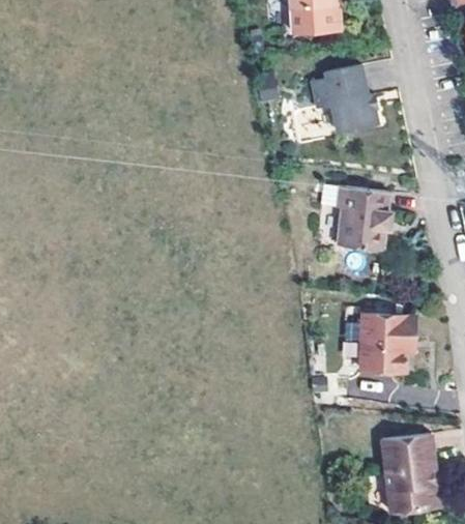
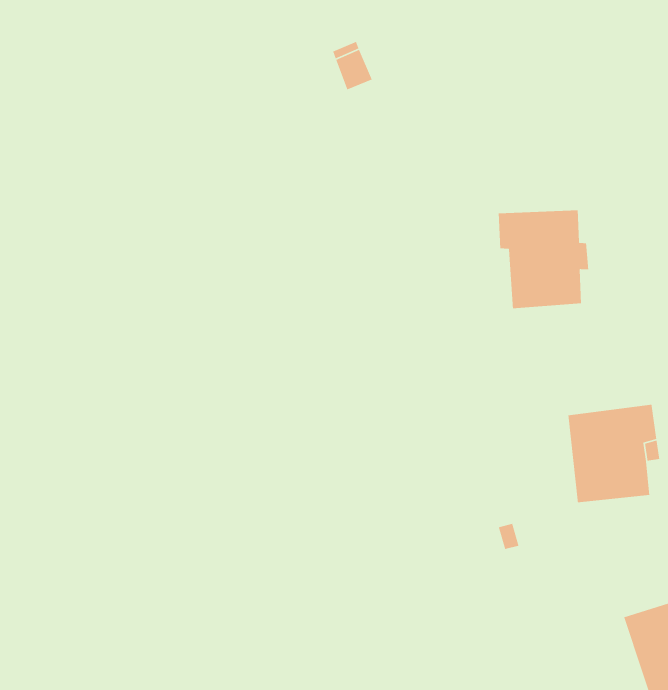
building: [313,67,380,136] -> none

